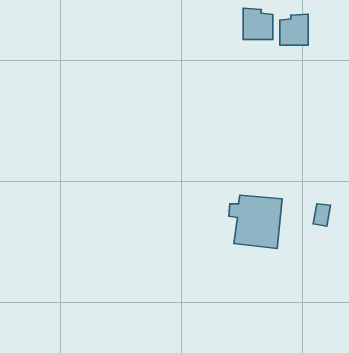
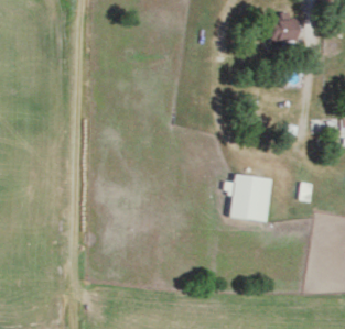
building: [243,8,273,40] -> none

